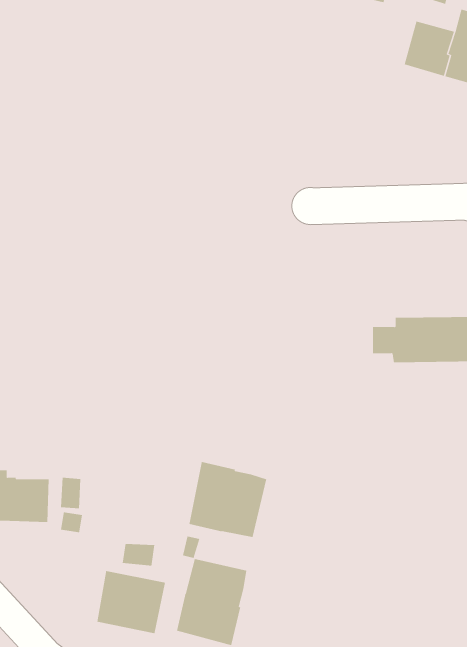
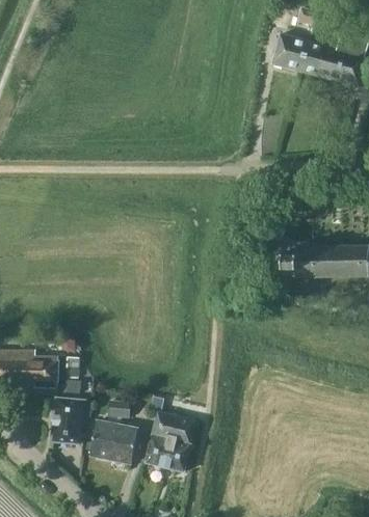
building: none -> [272,32,311,71]
building: [189,461,267,538] -> none
building: none -> [52,397,91,443]

